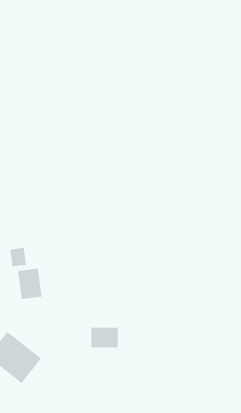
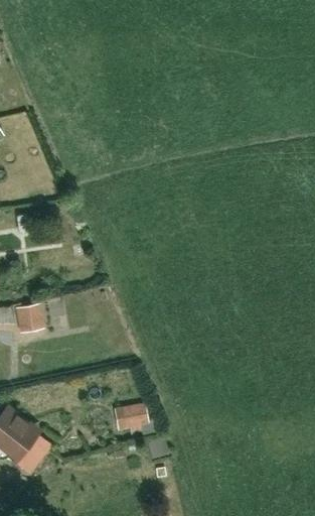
building: [18,268,42,300] -> none

